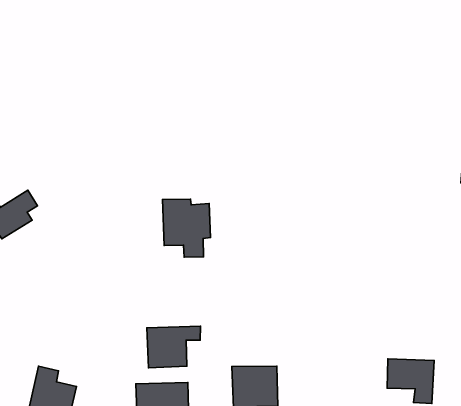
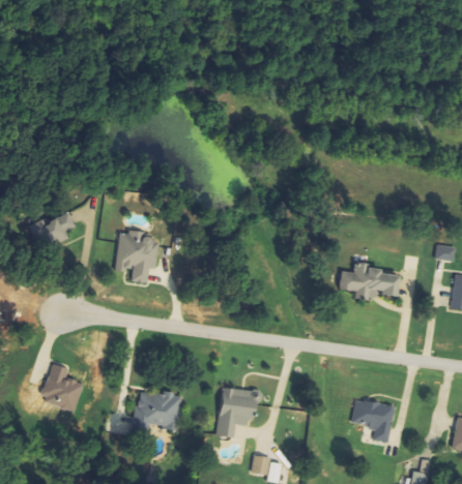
building: [162,199,210,257] -> [118,230,162,283]
building: none -> [342,264,405,299]
building: [147,326,200,368] -> none

